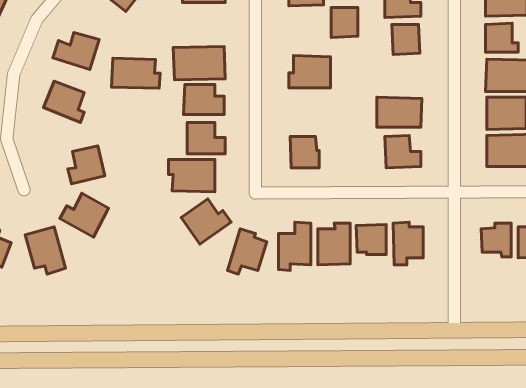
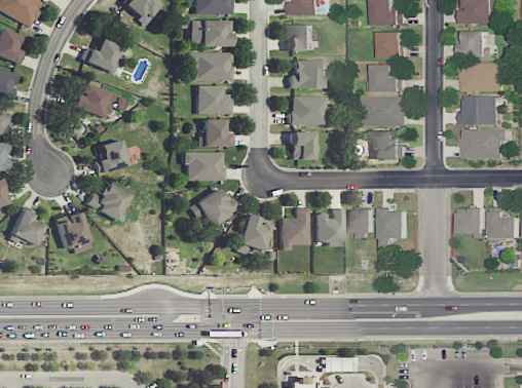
building: [331,7,358,37] -> [288,25,311,51]
building: [112,58,160,88] -> [187,20,230,46]
building: none -> [371,65,405,92]
building: none -> [288,95,325,124]

